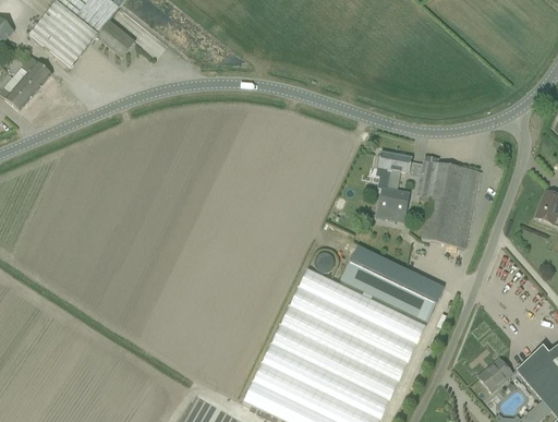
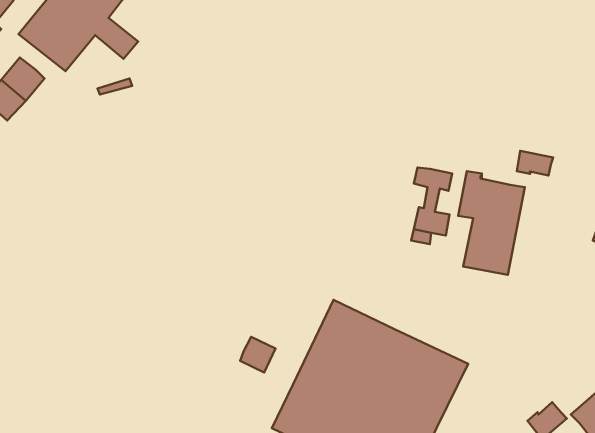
building: none -> [517,151,553,176]
building: [339,245,442,322] -> none
building: none -> [240,337,275,372]

